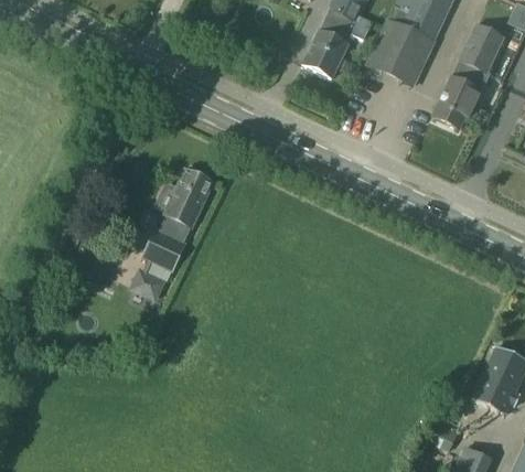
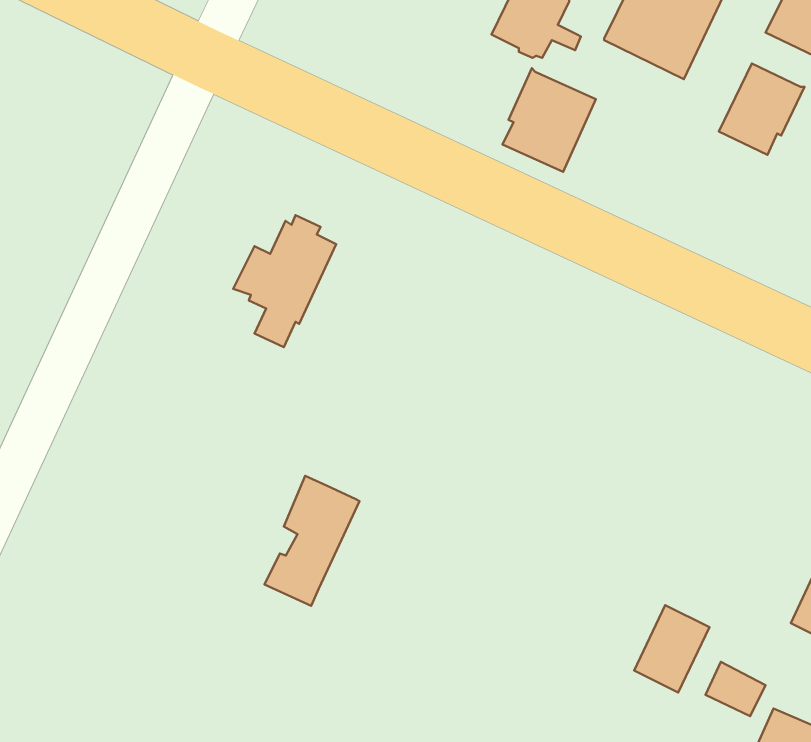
building: none -> [503,68,596,172]
building: [132,226,186,300] -> [264,476,360,606]
building: none -> [634,605,709,693]

